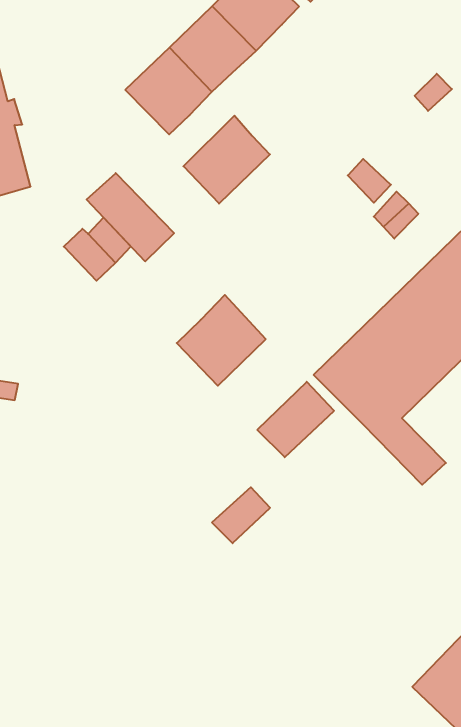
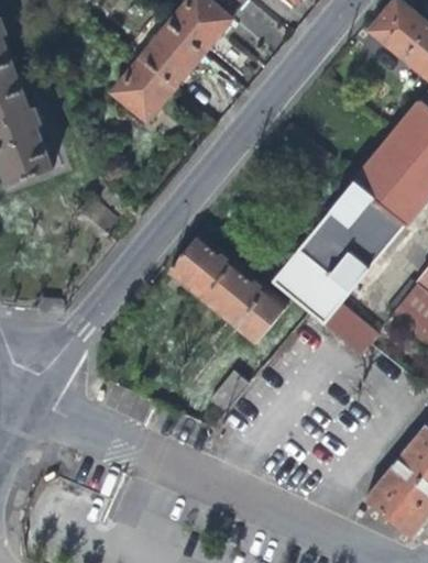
building: [183,116,270,204] -> none
building: [87,173,174,261] -> none
building: none -> [202,260,266,325]

